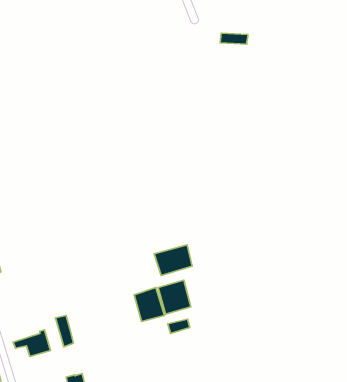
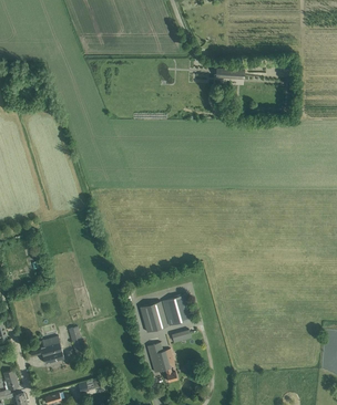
building: [154,245,192,275] -> none
building: none -> [146,342,176,382]

